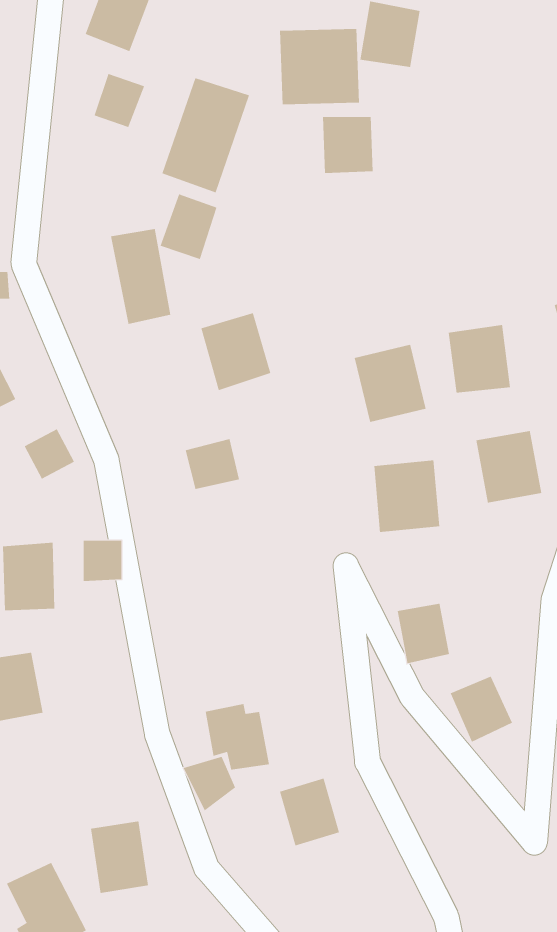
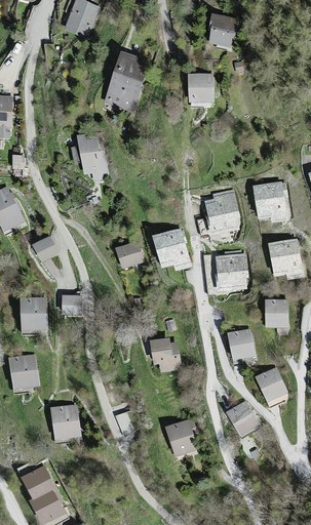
building: [280,28,359,105] -> none
building: [94,73,145,128] -> none
building: [160,194,217,260] -> none
building: [200,312,271,391] -> [153,228,190,269]
building: none -> [265,298,288,326]
building: [205,704,270,770] -> [149,336,183,371]
building: none -> [226,400,260,436]
building: [90,821,149,893] -> [50,403,81,441]

